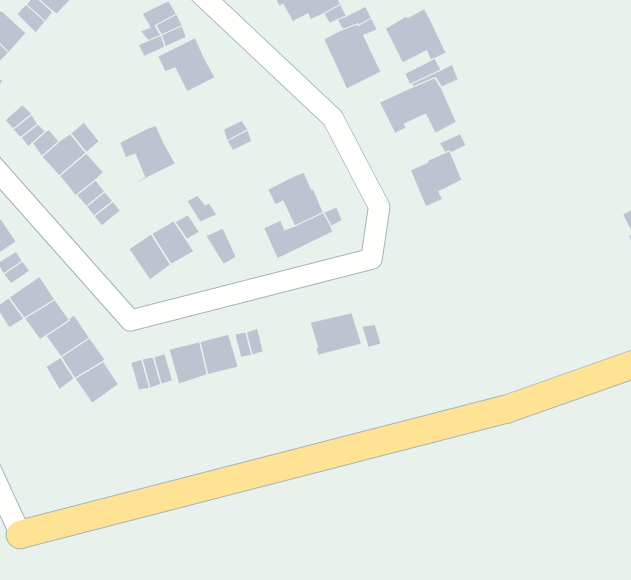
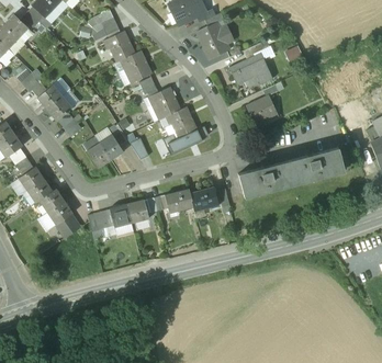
building: [385,9,446,63] -> none
building: [120,125,176,183] -> [120,52,151,84]
building: none -> [148,87,180,118]
building: none -> [237,148,342,196]
building: none -> [164,189,193,214]

